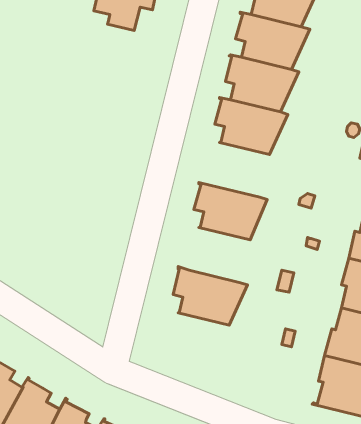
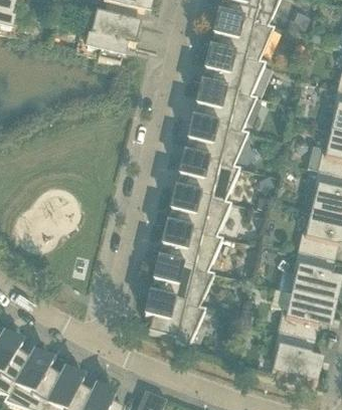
building: none -> [179,150,239,197]
building: none -> [162,220,222,267]
building: none -> [145,289,205,344]

